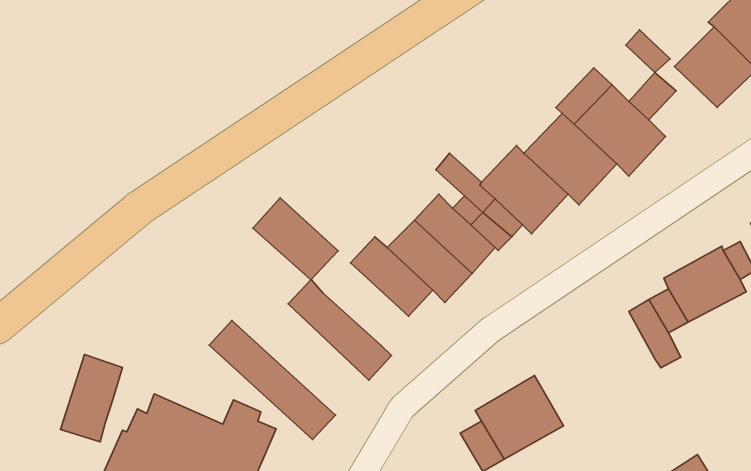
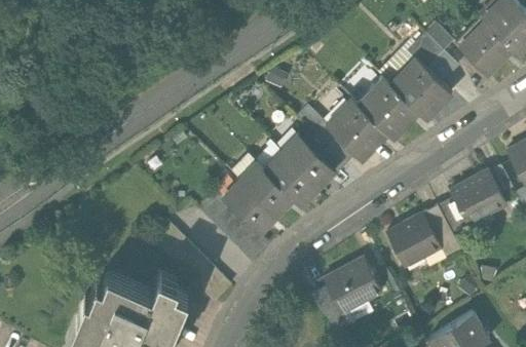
building: none -> [404,34,445,72]
building: [253,198,338,280] -> [221,181,278,236]
building: none -> [386,214,445,268]
building: [61,355,123,442] -> none

